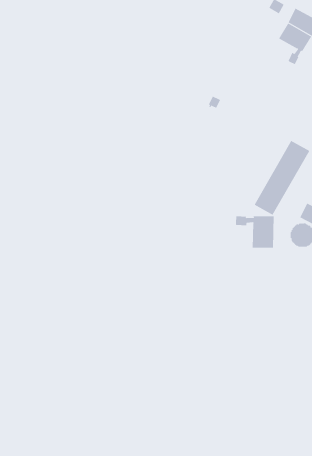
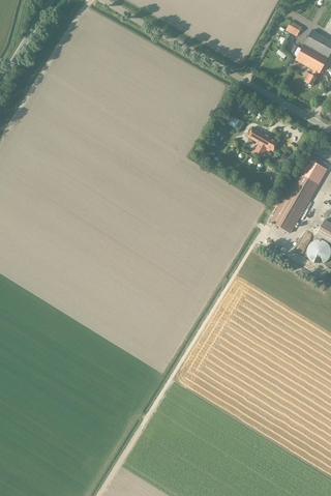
building: none -> [248,127,278,157]
building: [235,215,274,248] -> none

